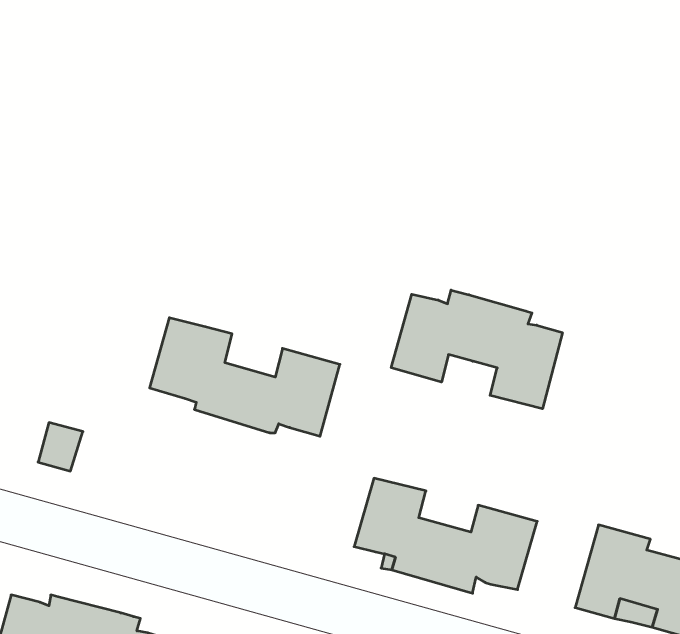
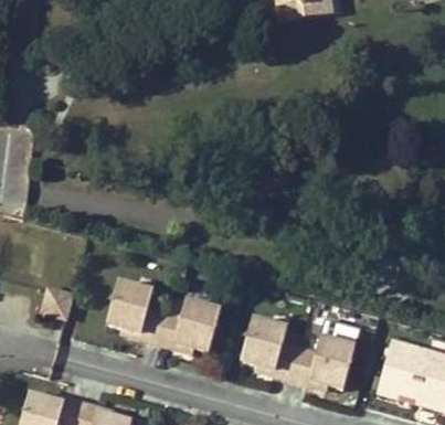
building: [391,290,562,409] -> none
building: [150,318,340,436] -> [104,280,221,353]

